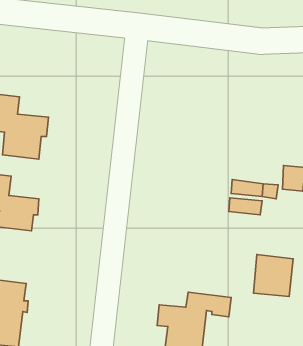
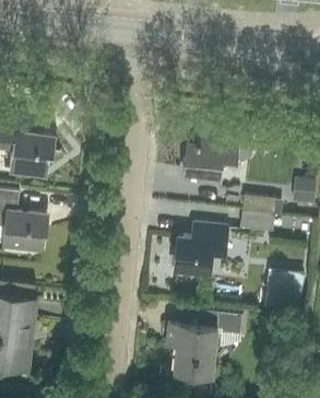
building: none -> [183,131,252,182]
building: none -> [174,224,227,273]

